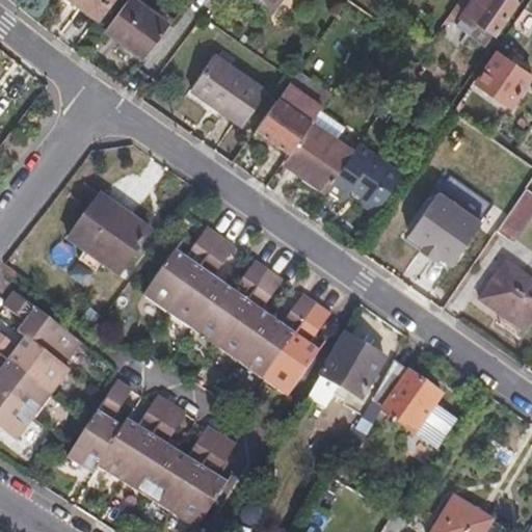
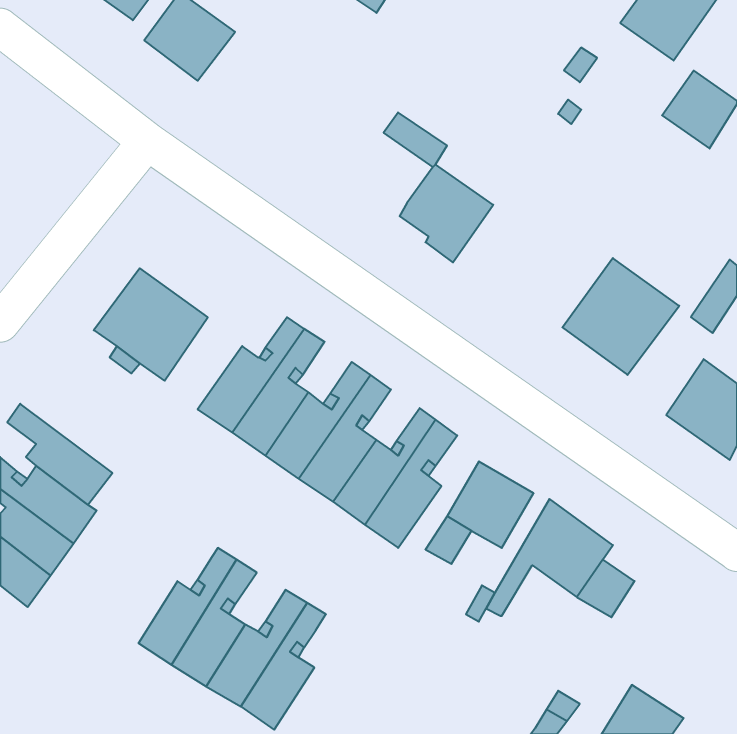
building: [189,54,266,125] -> none
building: [259,96,312,147] -> none
building: [326,142,403,213] -> none
building: [70,378,131,472] -> none

